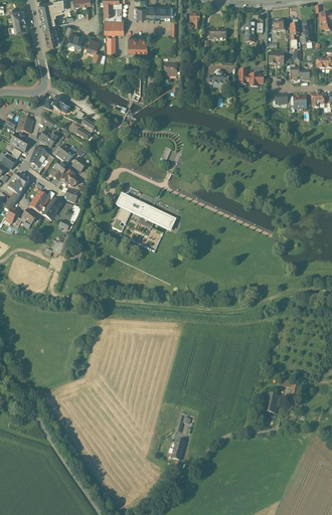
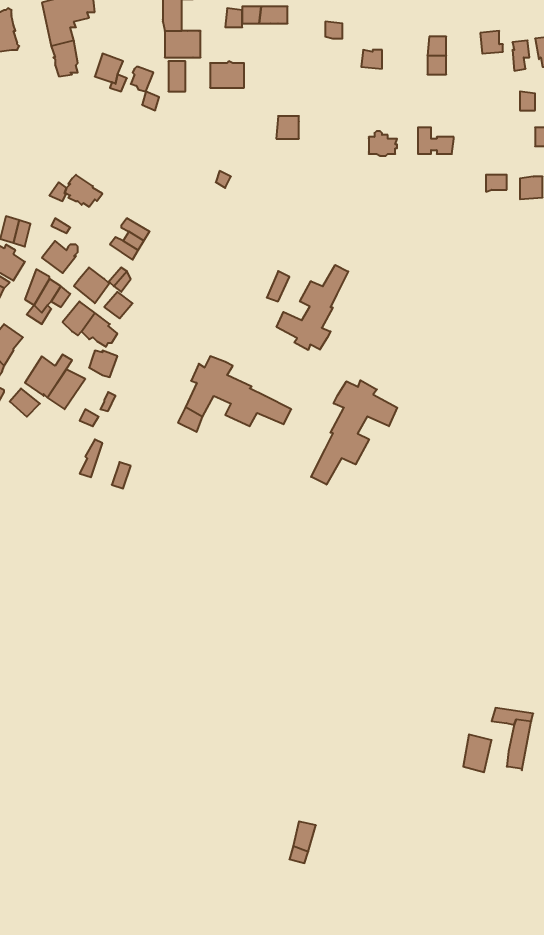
building: none -> [277,265,348,350]
building: none -> [311,380,397,485]

